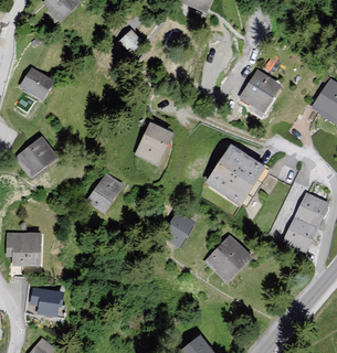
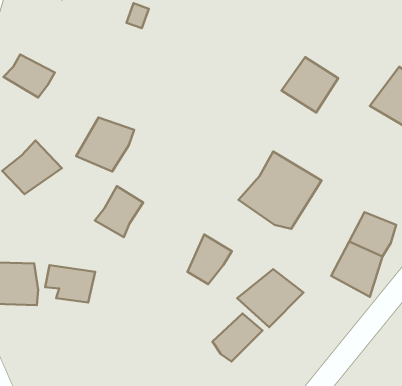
building: [134,121,180,164] -> [76,117,134,171]
building: none -> [213,313,263,362]
building: [28,287,67,317] -> [45,265,95,302]

